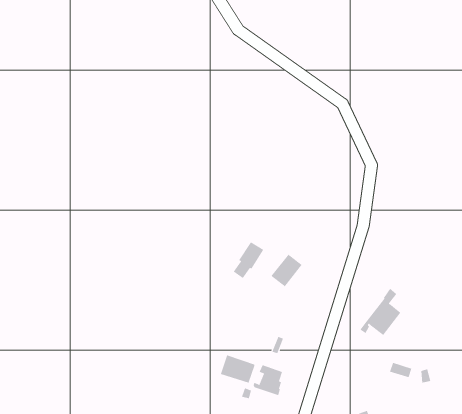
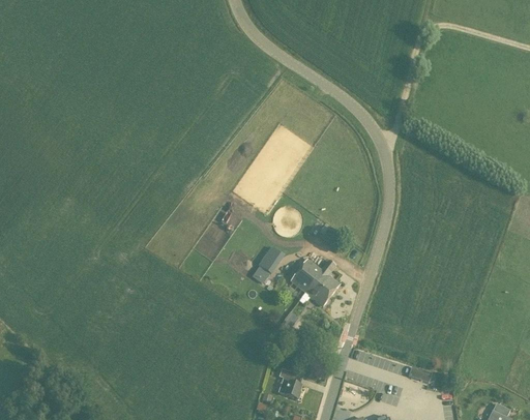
building: [360,288,401,336] -> [298,259,340,306]
building: [220,354,256,383] -> none

